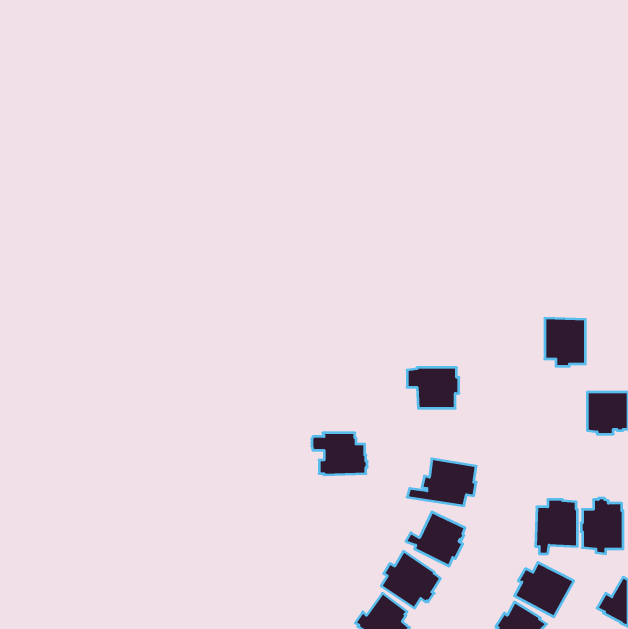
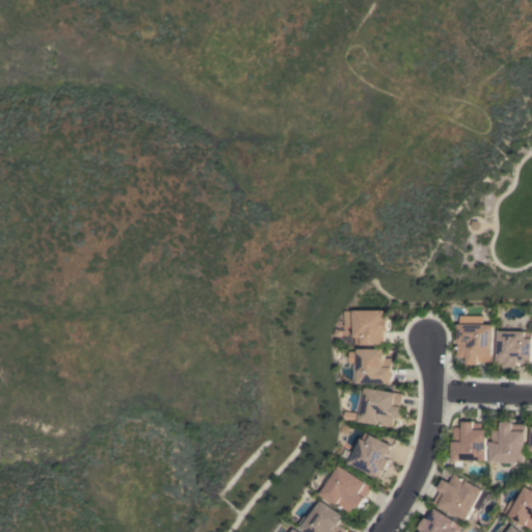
building: [545,318,585,366] -> [456,324,490,365]
building: [312,433,367,475] -> [345,349,392,384]

